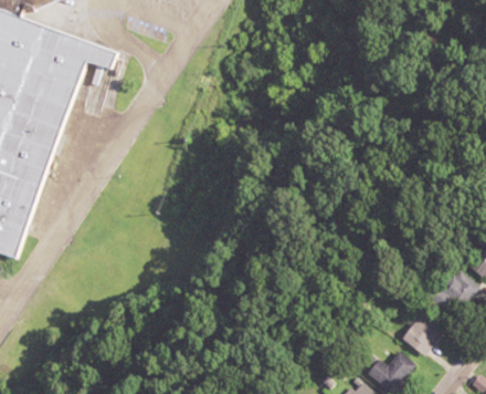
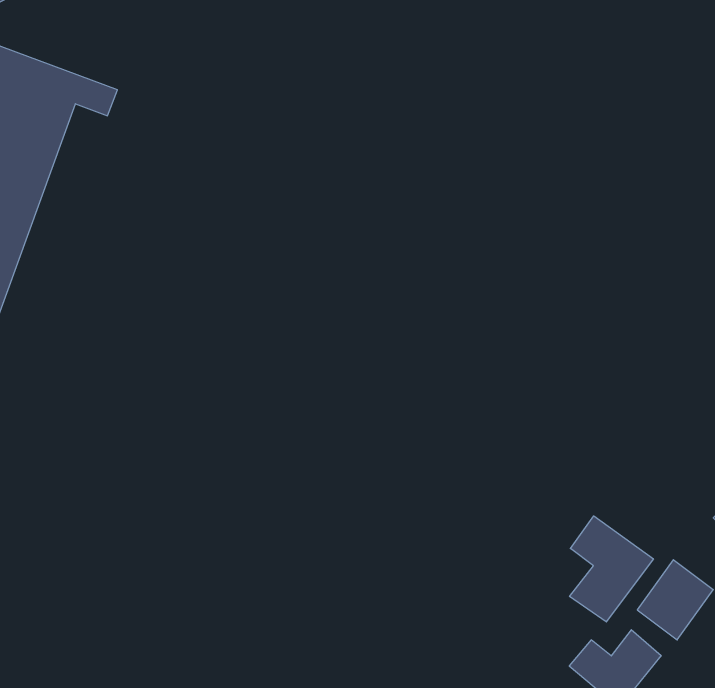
building: none -> [570,516,653,622]

